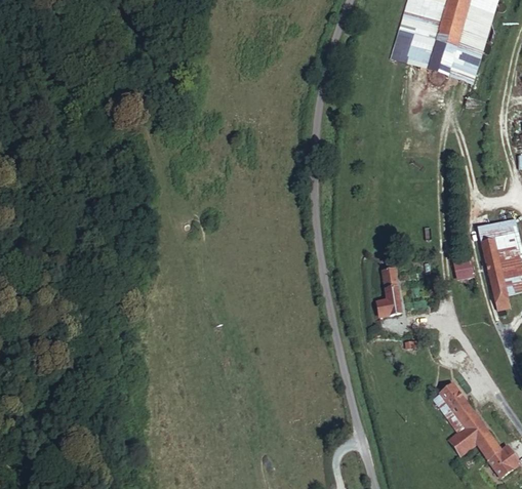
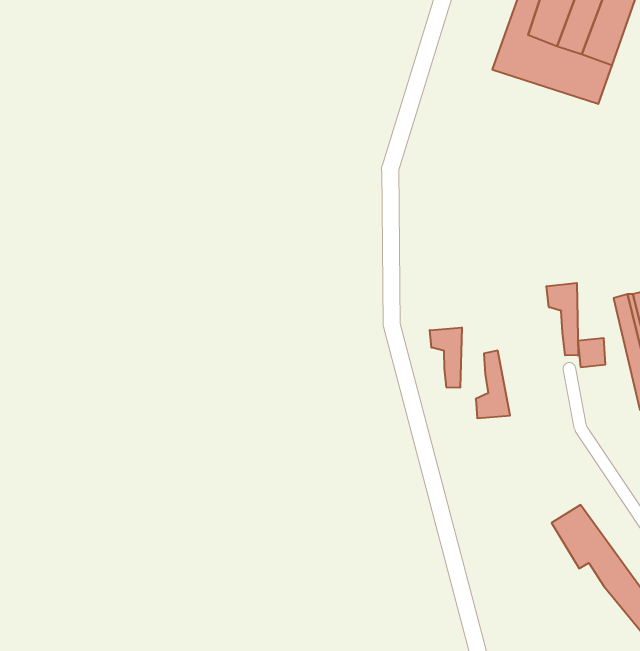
building: none -> [547,283,578,356]
building: none -> [430,327,462,388]
building: [443,423,472,451] -> none

